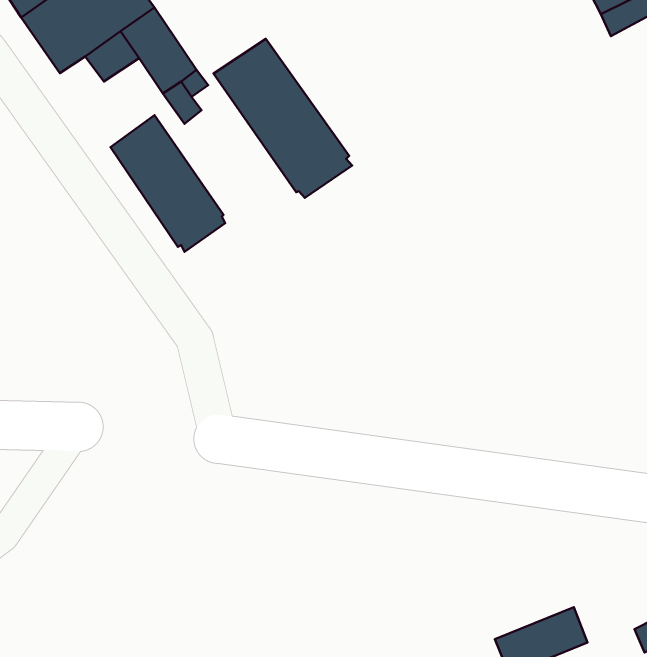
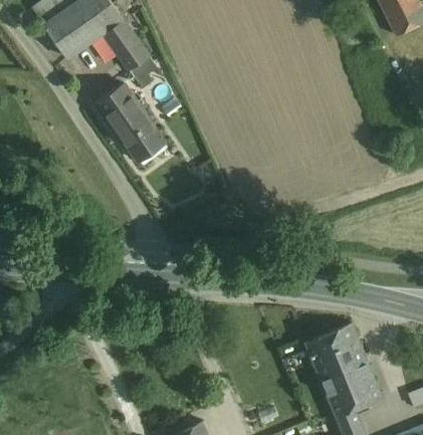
building: [214,39,352,198] -> none
building: none -> [304,323,374,396]

